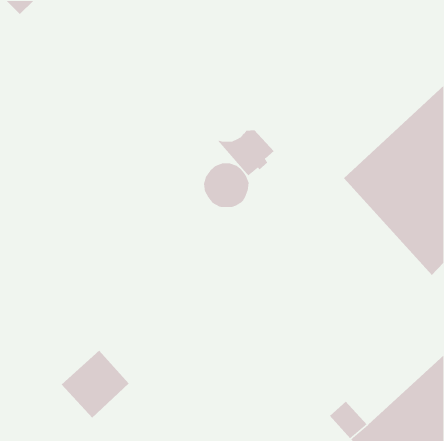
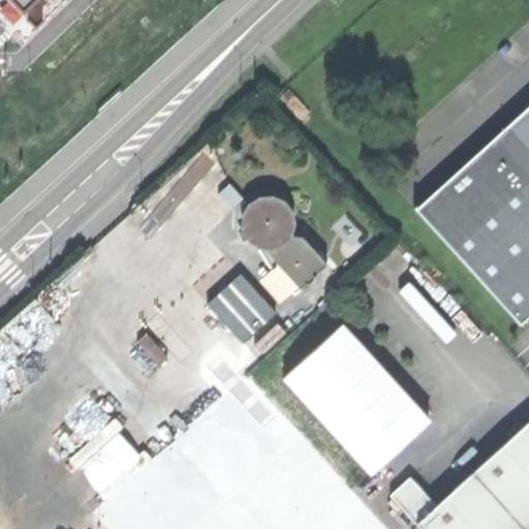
building: [217,129,274,176] -> [258,238,326,293]
building: none -> [210,276,278,344]
building: none -> [285,323,433,475]

